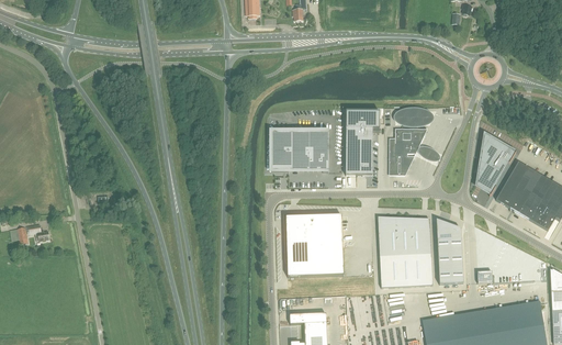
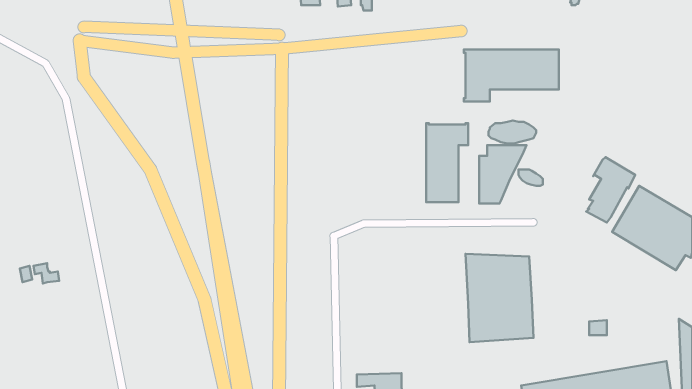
building: none -> [464,49,559,101]
building: [272,132,327,168] -> none
building: [285,214,344,276] -> none
building: [436,219,463,283] -> none

